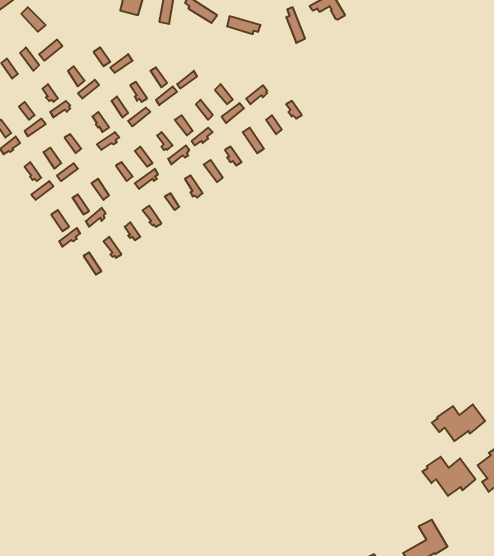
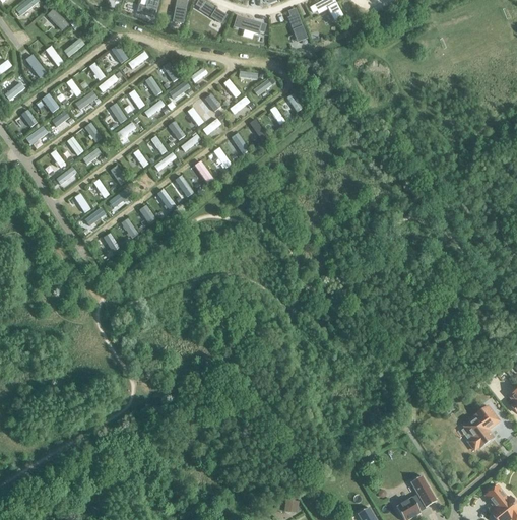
building: [432,404,485,441] -> none
building: [422,457,475,496] -> none

